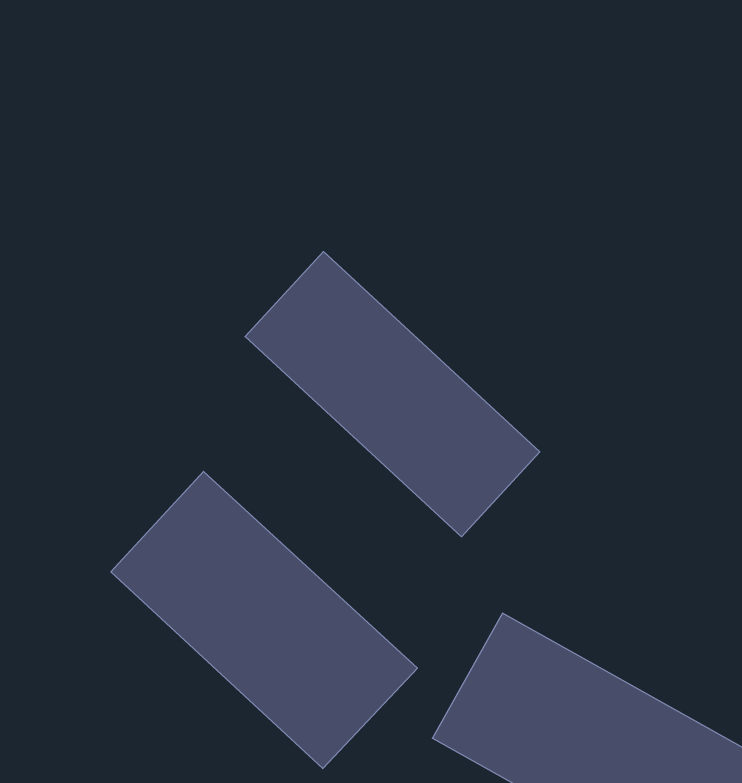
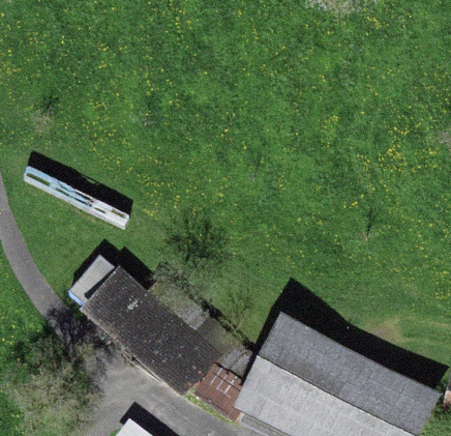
building: [245,252,540,537] -> none

